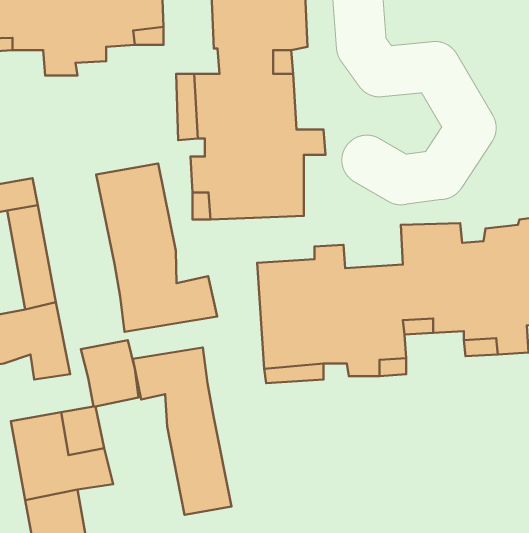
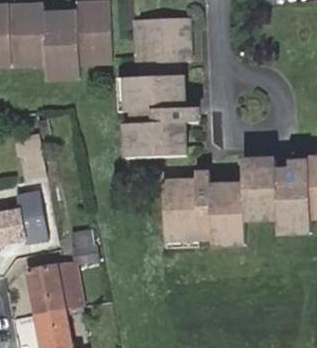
building: [96,163,217,332] -> none
building: [133,347,232,515] -> none

